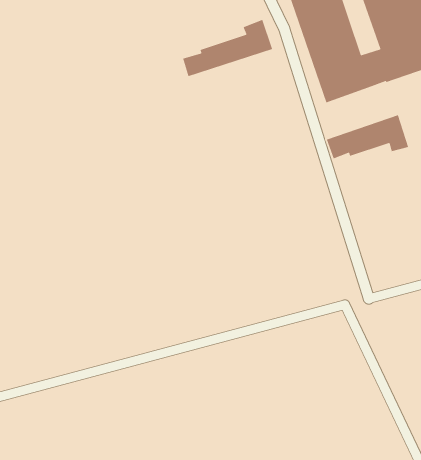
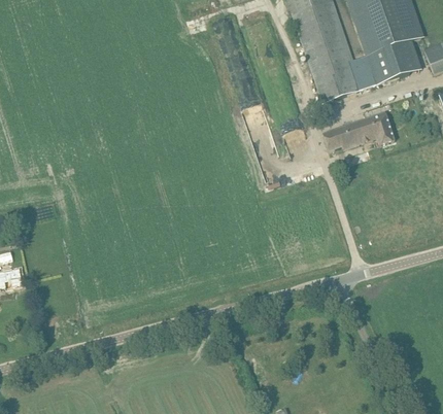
building: [182,19,273,77] -> none

